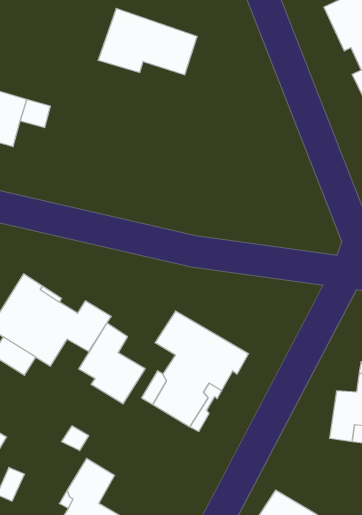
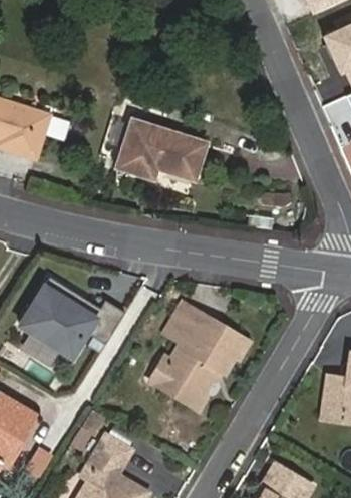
building: [98,8,197,75] -> [114,120,203,179]
building: [79,323,145,404] -> none

